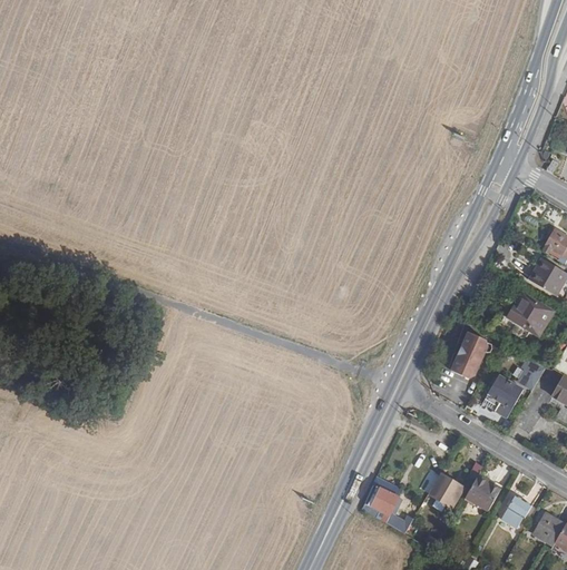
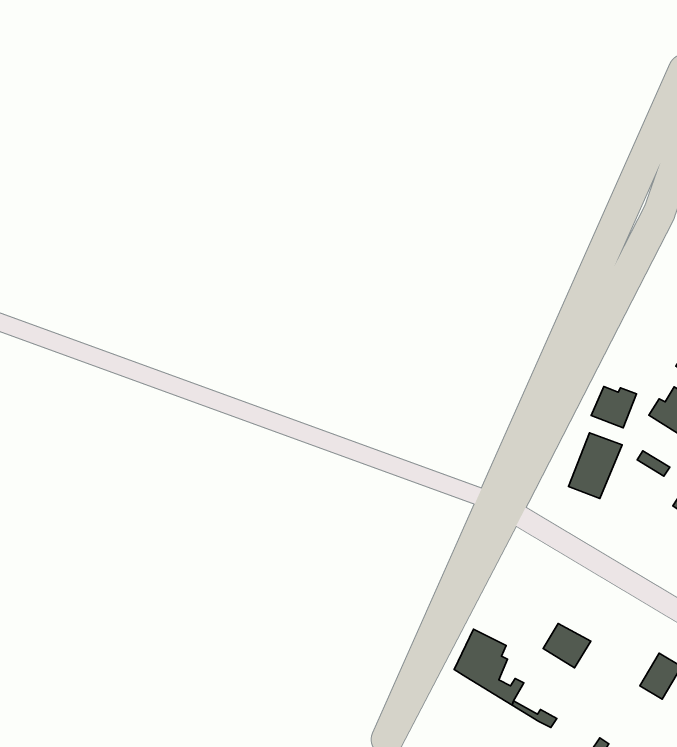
building: none -> [591,386,636,428]
building: [487,374,522,416] -> none
building: [466,474,500,510] -> none

